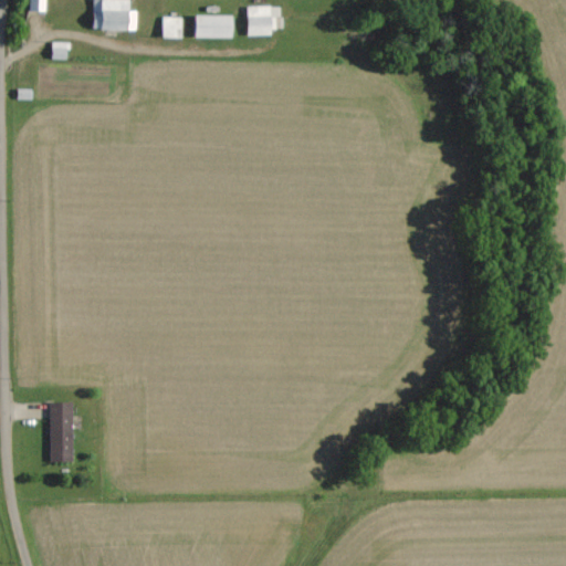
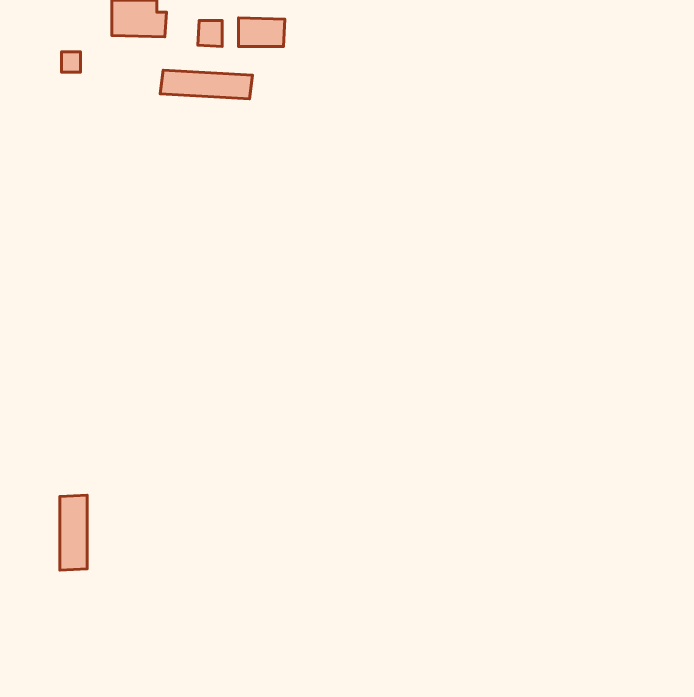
building: [247,6,275,35] -> none
building: none -> [160,70,252,99]

